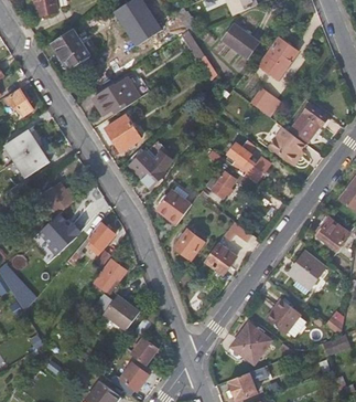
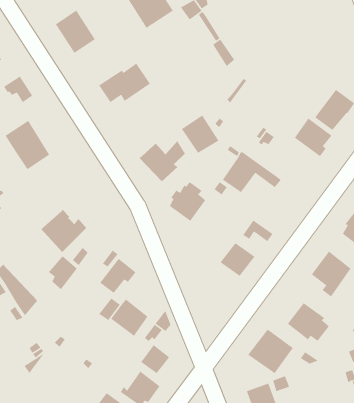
building: [223,24,259,57] -> none
building: [253,36,299,80] -> none
building: [249,86,280,116] -> none
building: [106,115,141,151] -> [181,114,219,154]
building: [233,157,271,182] -> none
building: [46,182,74,214] -> none
building: [87,222,115,254] -> [48,255,78,290]
building: [174,229,205,261] -> none

